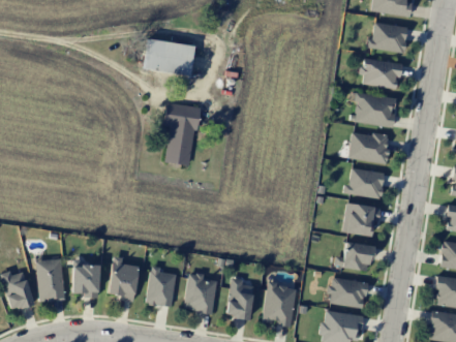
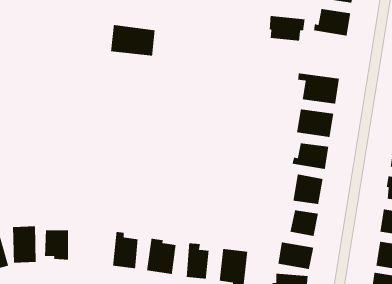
building: [362,59,402,88] -> [269,15,306,41]
building: [164,102,200,165] -> none
building: [109,256,139,302] -> none

